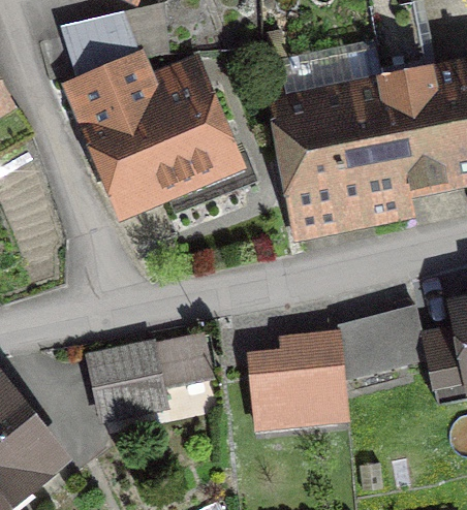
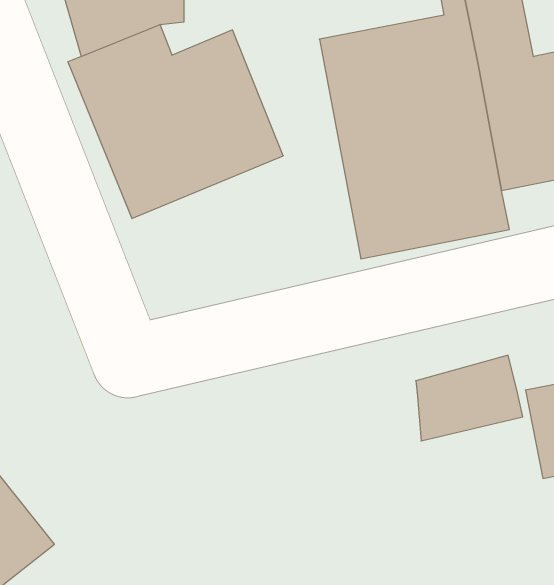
building: [91,334,217,419] -> none
building: [251,343,343,431] -> none

